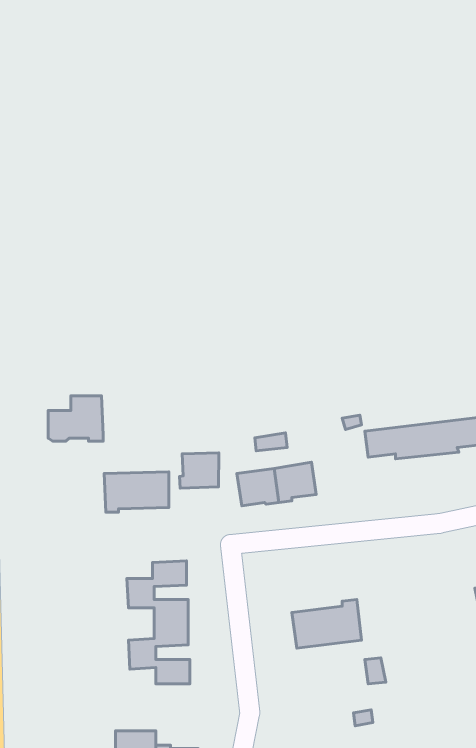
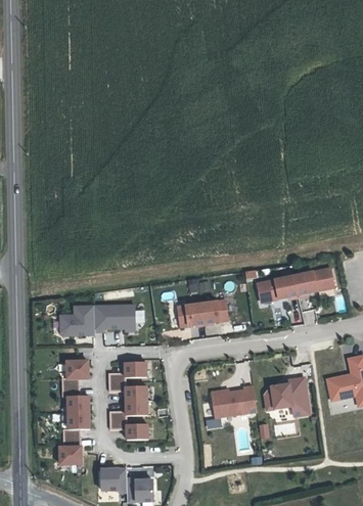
building: [48,396,103,441] -> [59,306,94,334]
building: [180,453,219,488] -> none
building: none -> [59,360,89,464]
building: none -> [264,377,309,415]

